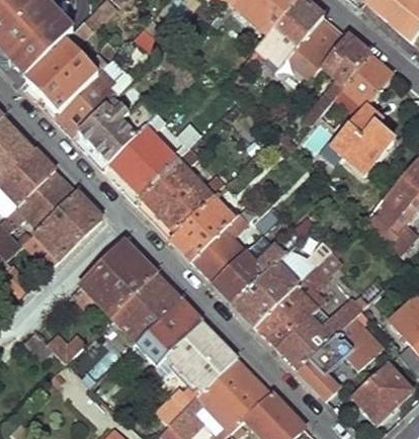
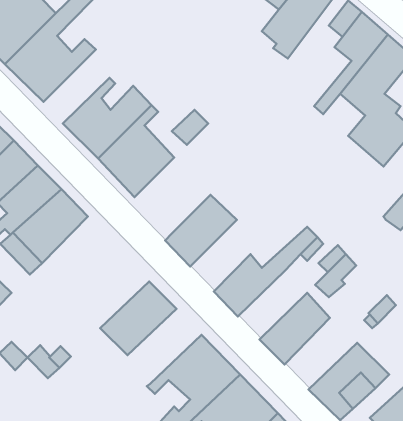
building: [63,76,132,135] -> none
building: [144,165,212,233] -> none
building: [193,214,249,284] -> none
building: [81,241,157,317] -> none
building: [236,265,298,327] -> none
building: [136,299,203,366] -> none
building: [277,308,353,371] -> none

